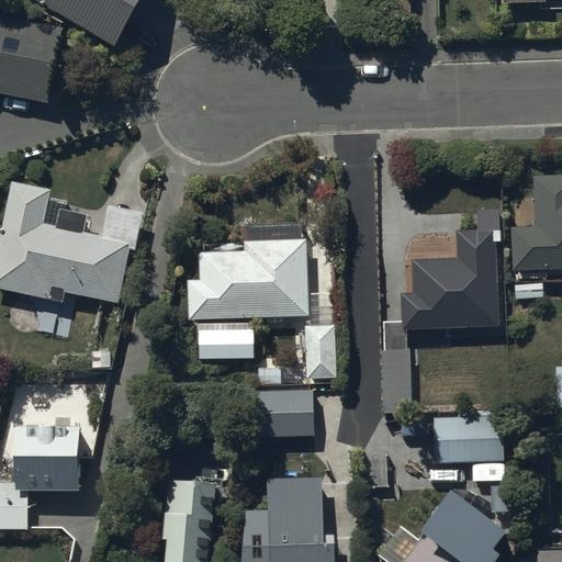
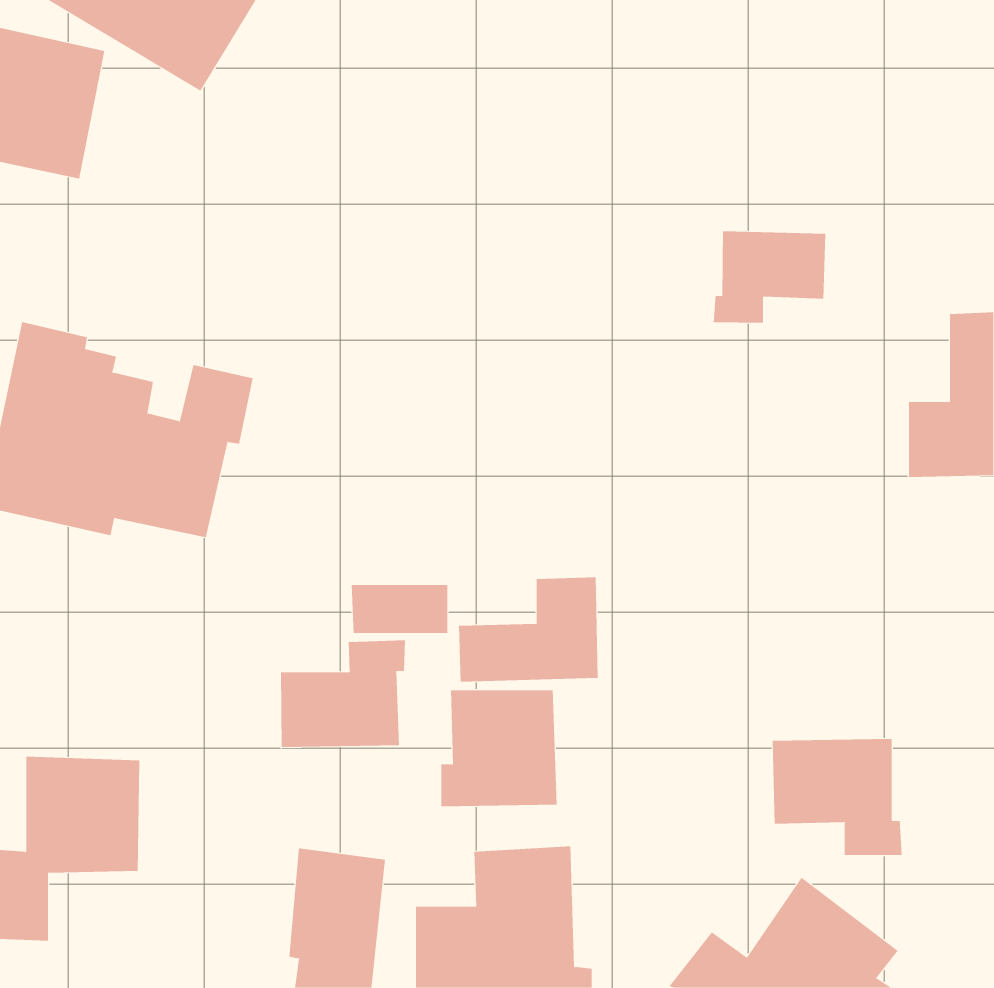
building: none -> [713,231,826,323]
building: [384,209,499,413] -> none
building: [186,223,328,321] -> none
building: none -> [281,640,405,748]

